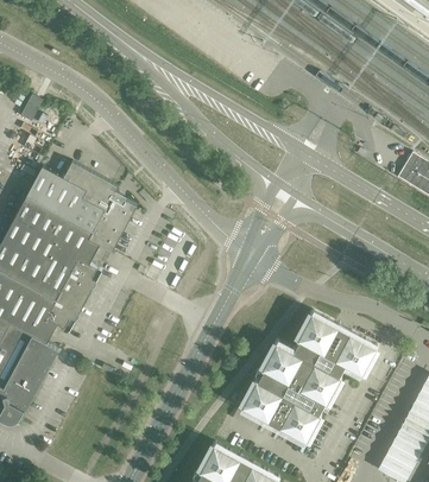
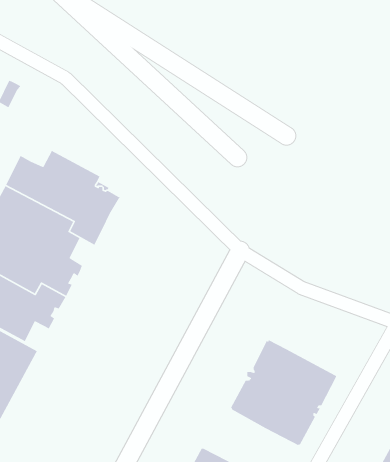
building: [294,312,377,375] -> none

